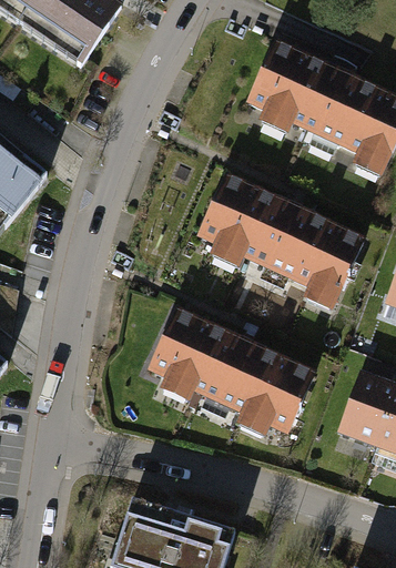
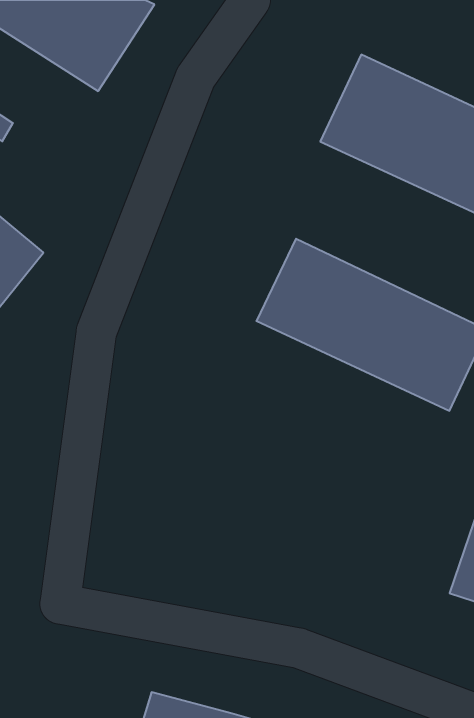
building: [145,303,316,435] -> none

